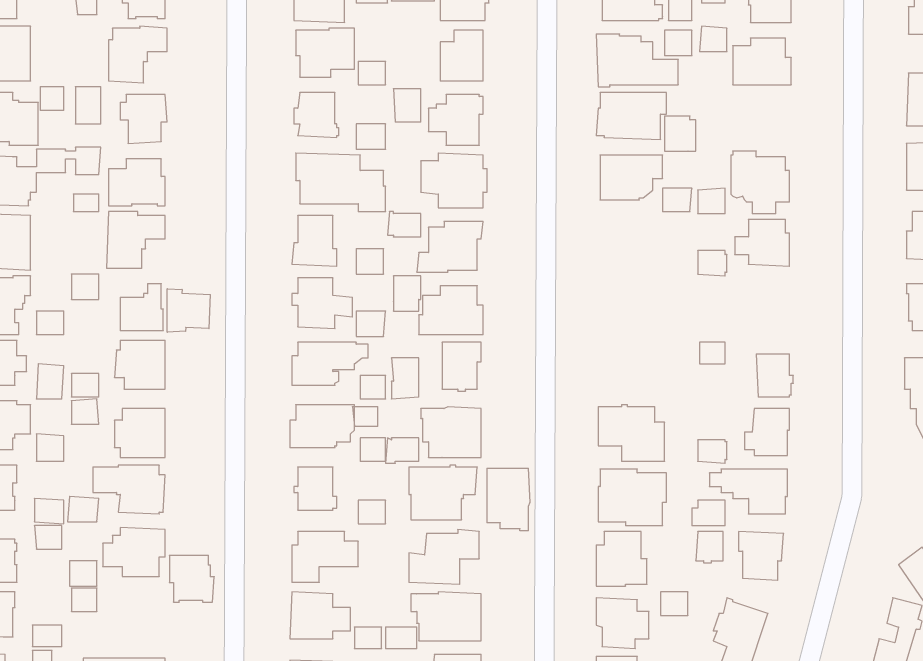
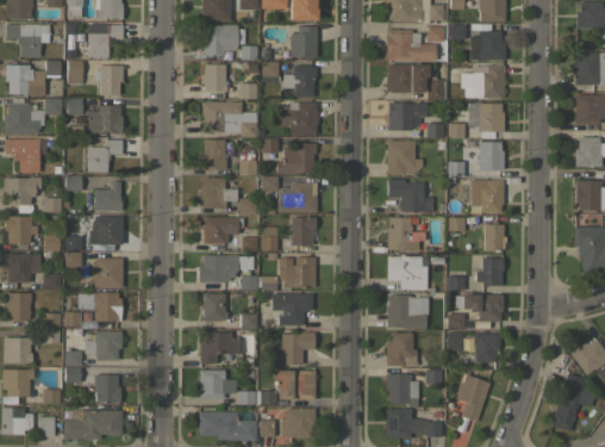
building: none -> [461,64,505,98]
building: none -> [387,141,423,174]
building: none -> [387,179,424,212]
building: none -> [472,180,504,212]
building: [167,289,210,332] -> none
building: none -> [387,217,419,250]
building: [487,468,530,531] -> none
building: [169,555,214,602] -> [94,374,121,403]

